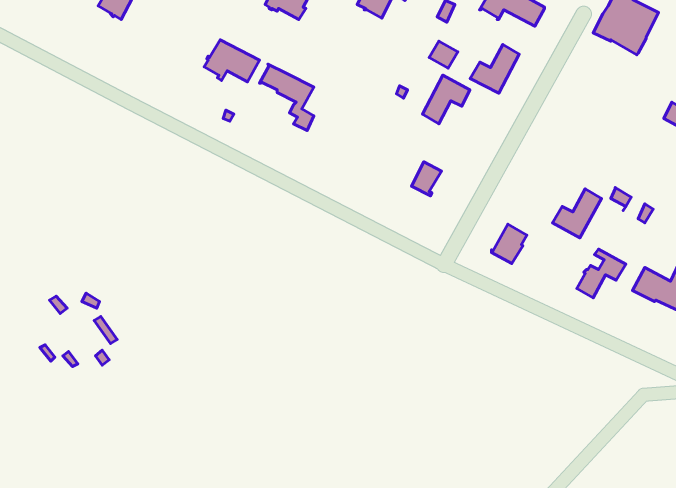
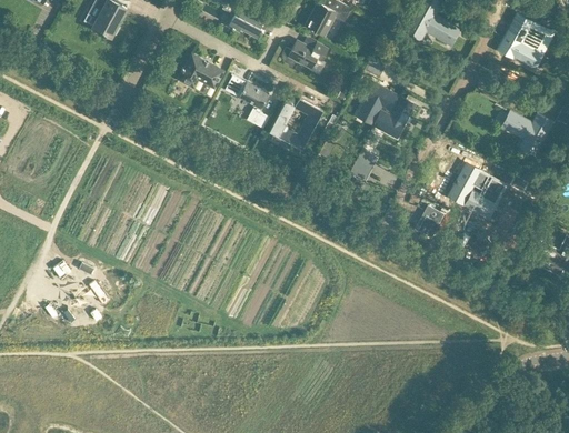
building: none -> [281,40,328,69]
building: [470,45,519,93] -> [373,97,413,137]
building: none -> [269,98,323,150]
building: none -> [502,111,552,153]
building: [577,249,626,298] -> [449,163,489,203]

